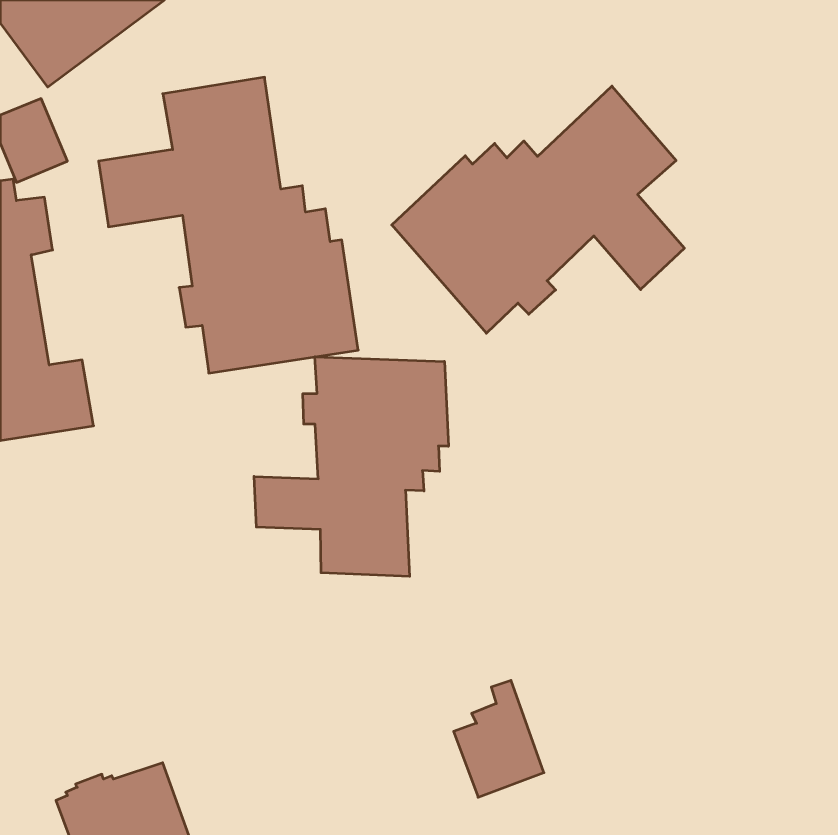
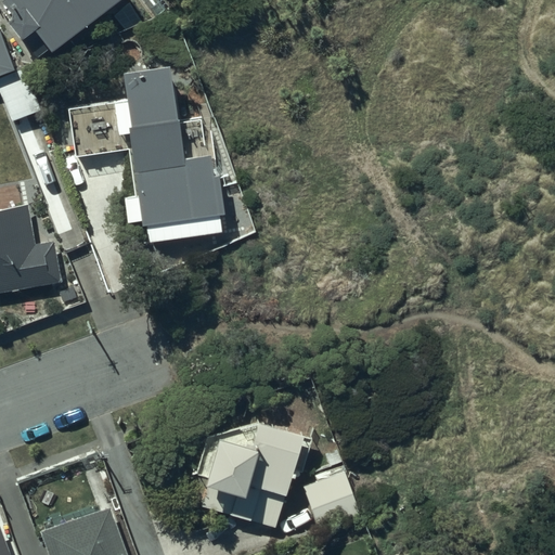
building: [392,86,684,333] -> none
building: [254,357,448,576] -> none
building: none -> [197,421,310,527]

